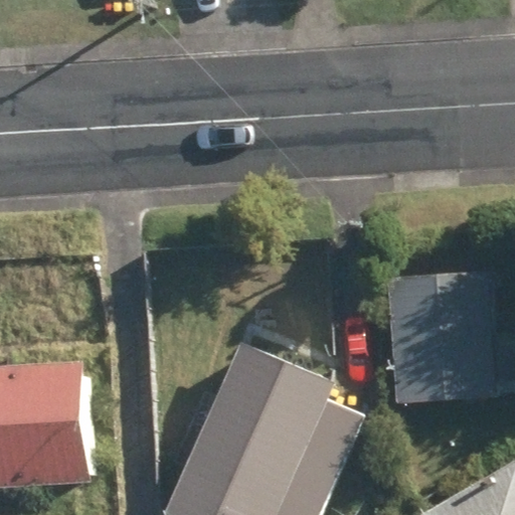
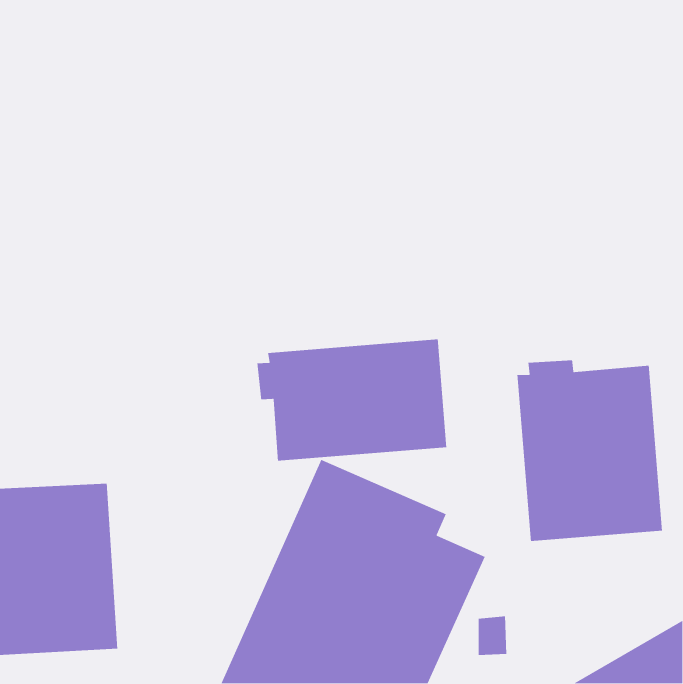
building: none -> [257,339,447,462]

